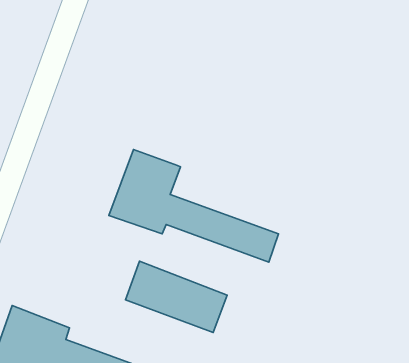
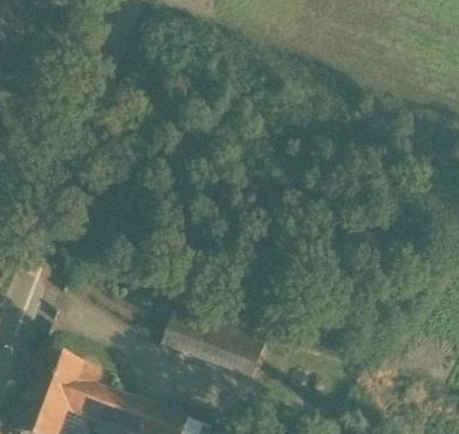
building: [109,149,279,262] -> none

